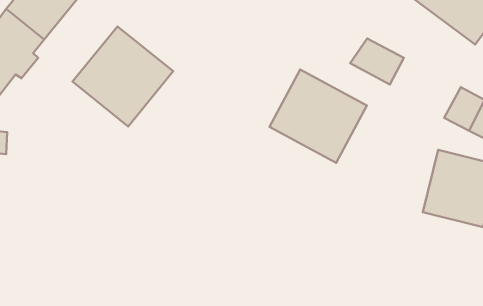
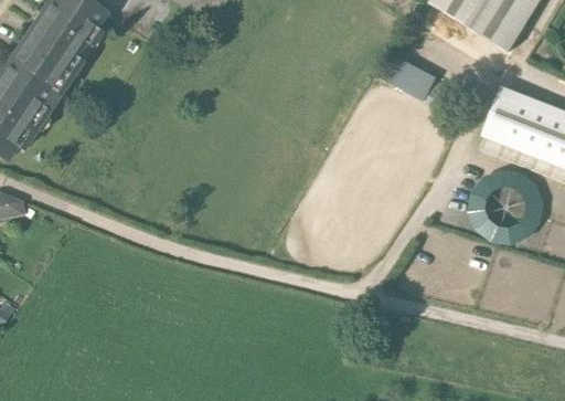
building: [73,26,173,126] -> none
building: [270,69,367,163] -> none

